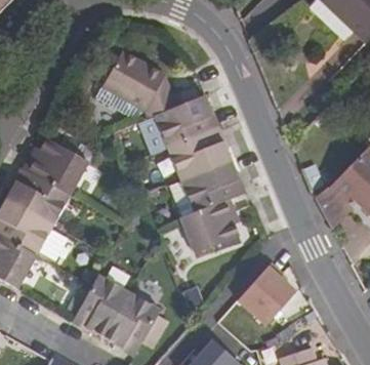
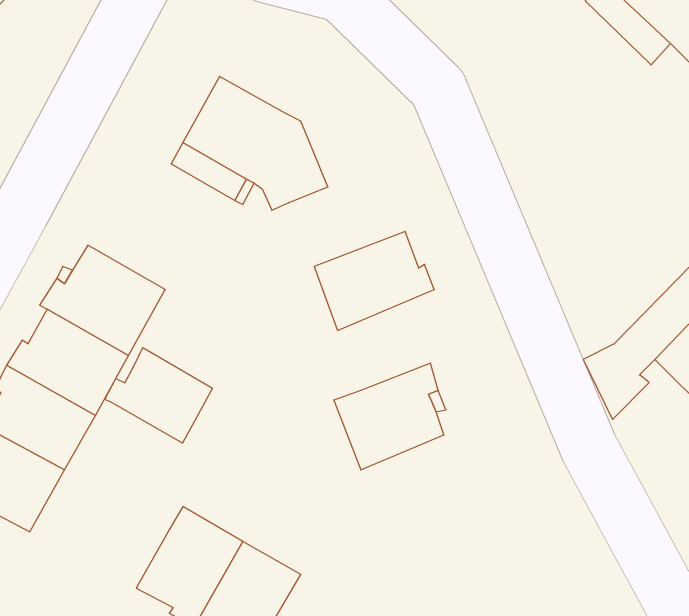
building: [155,93,216,148] -> none
building: [180,160,242,213] -> none
building: none -> [105,348,212,443]
building: [243,269,297,324] -> none

